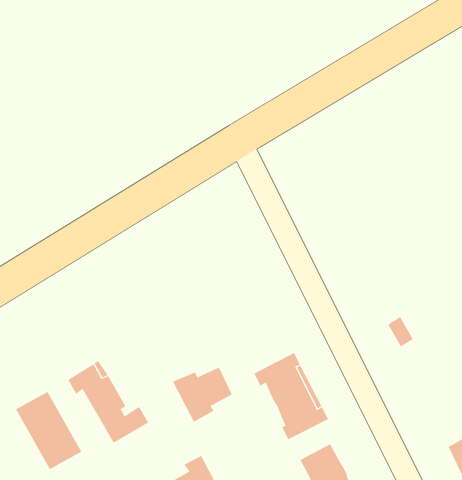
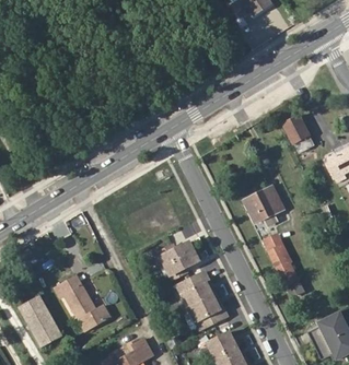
building: none -> [282,115,312,151]
building: none -> [244,186,283,223]
building: [172,367,233,422] -> [162,242,202,279]

